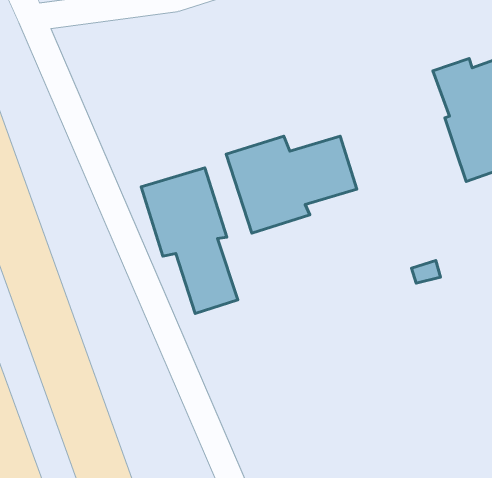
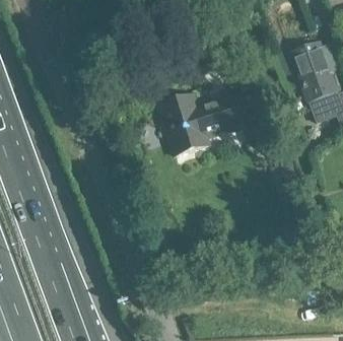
building: [141,168,238,313] -> none

